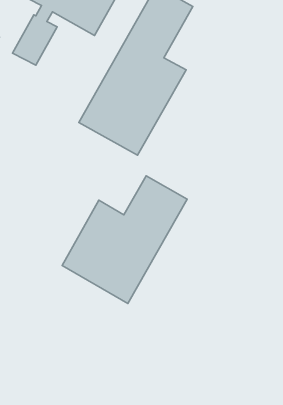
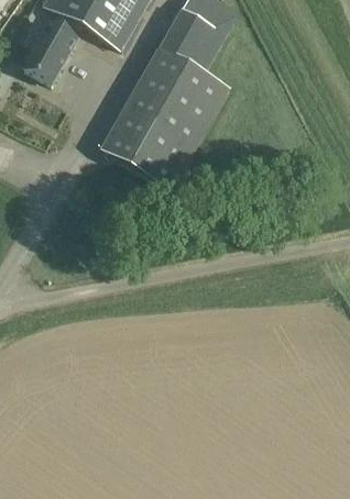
building: [62,176,187,303] -> none

